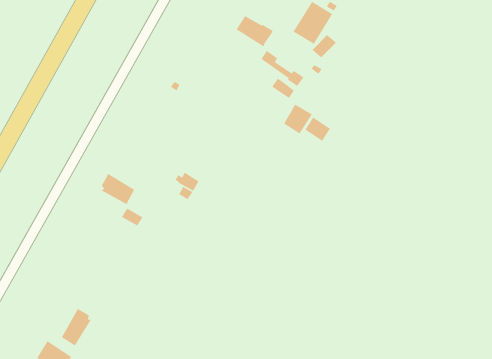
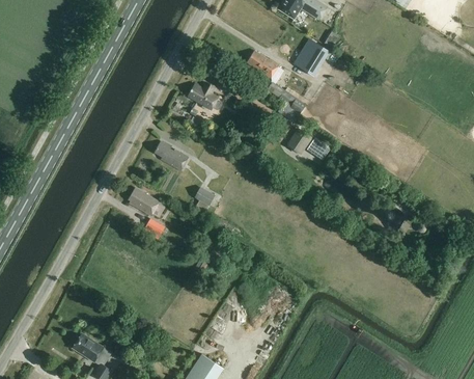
building: none -> [188,82,223,109]
building: none -> [154,140,189,170]
building: [61,308,92,347] -> none

